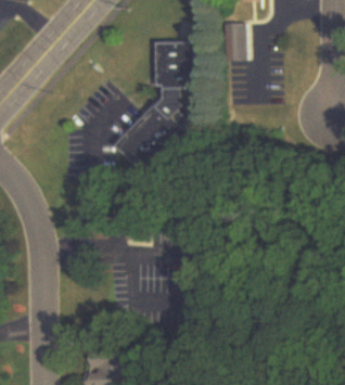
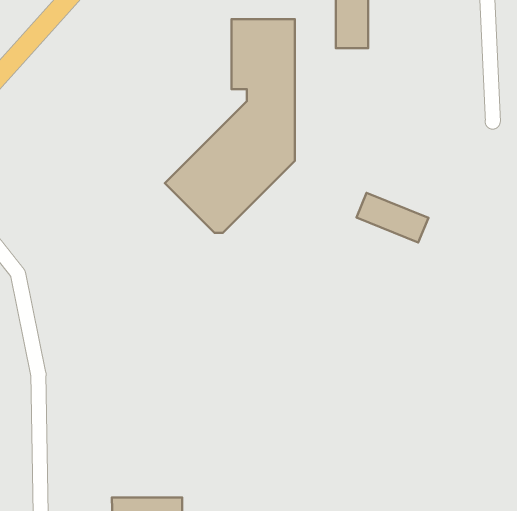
building: none -> [356,193,428,243]

